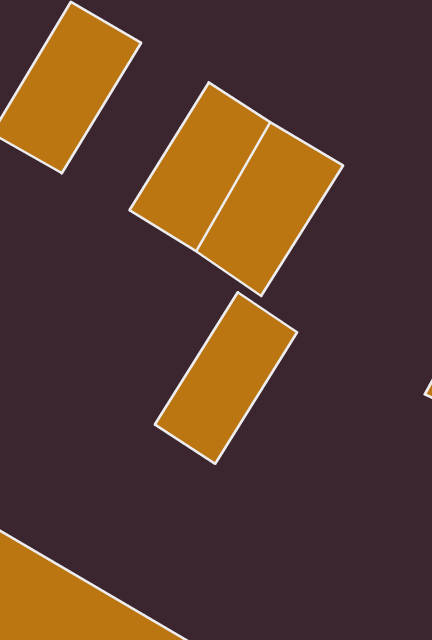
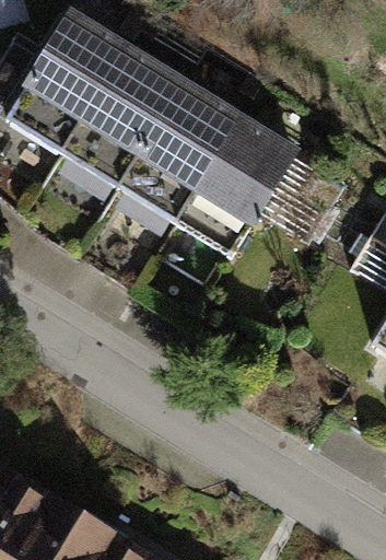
building: none -> [56,44,182,187]
building: [155,292,297,464] -> none

